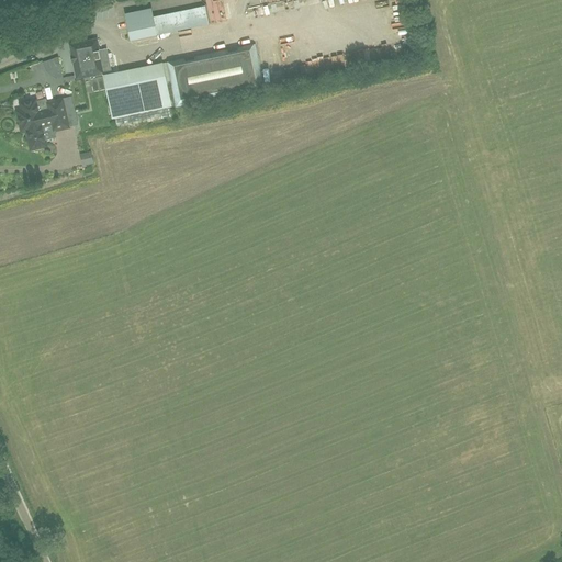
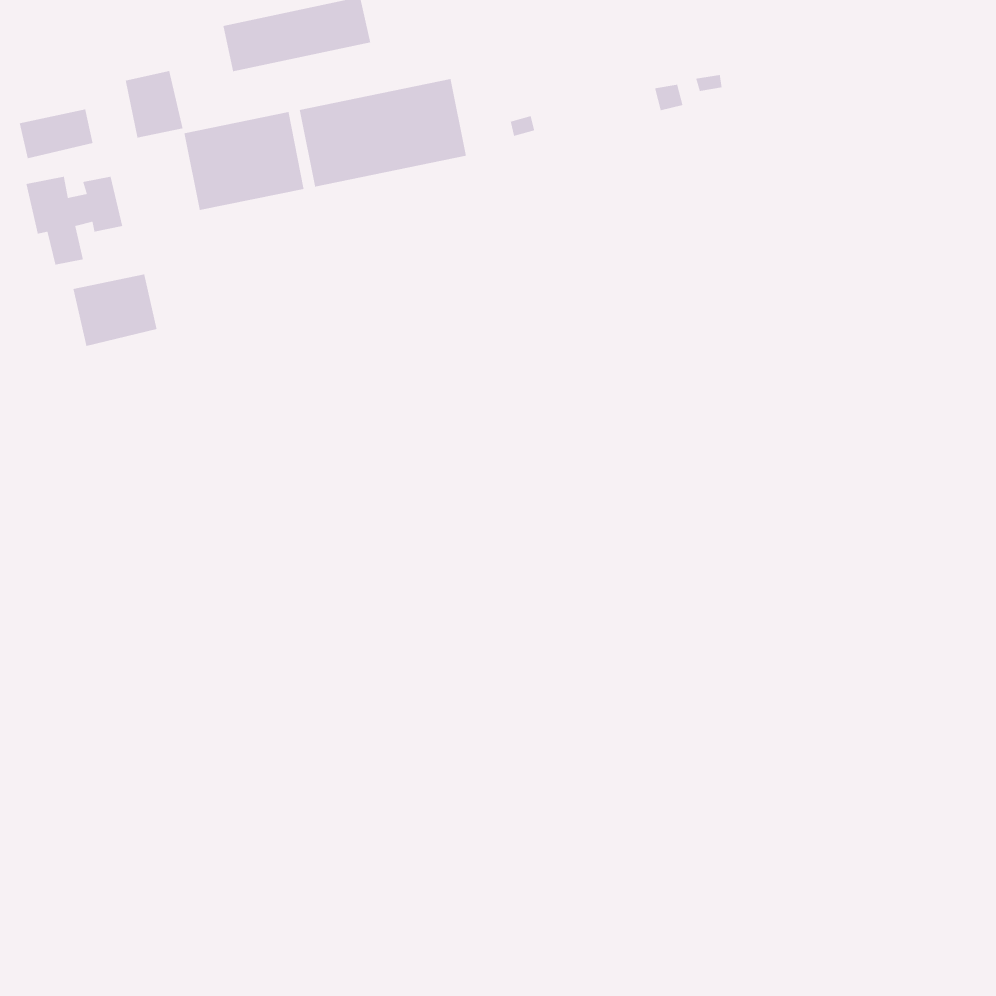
building: none -> [19,109,94,159]
building: none -> [73,274,157,347]

